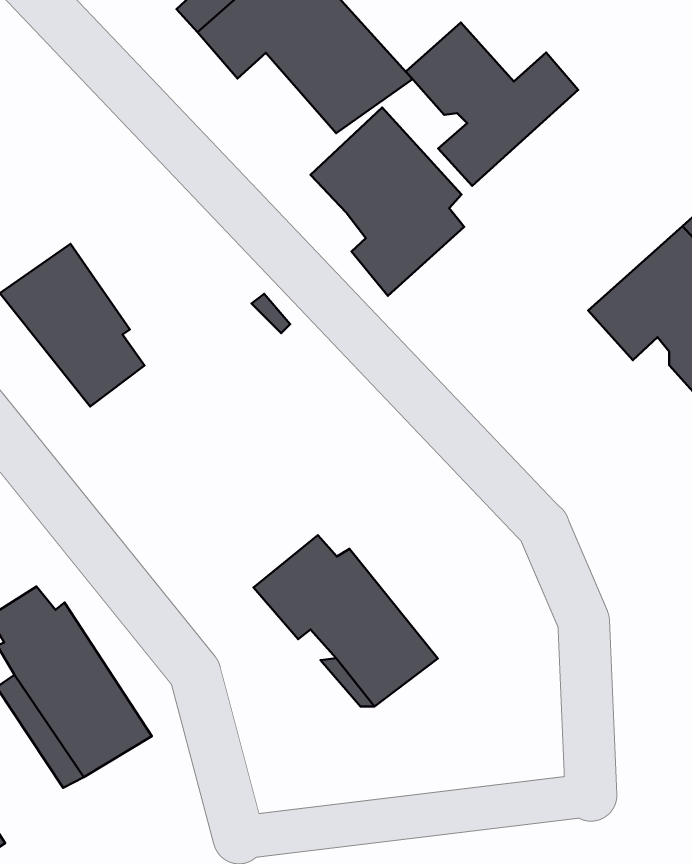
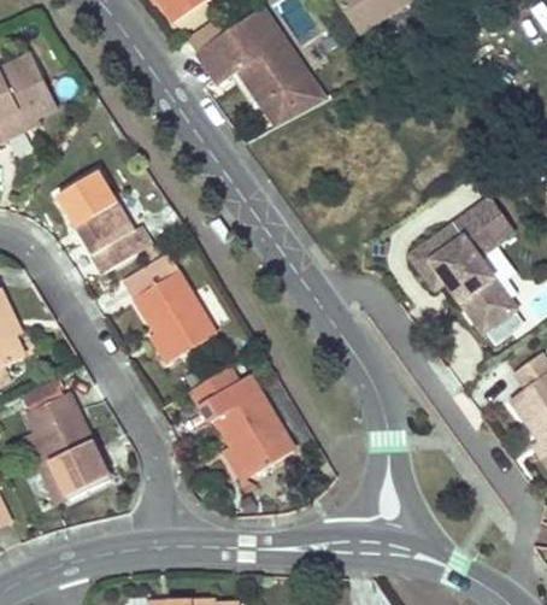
building: [406,23,578,186] -> none
building: [311,107,464,296] -> none
building: none -> [124,253,217,357]

